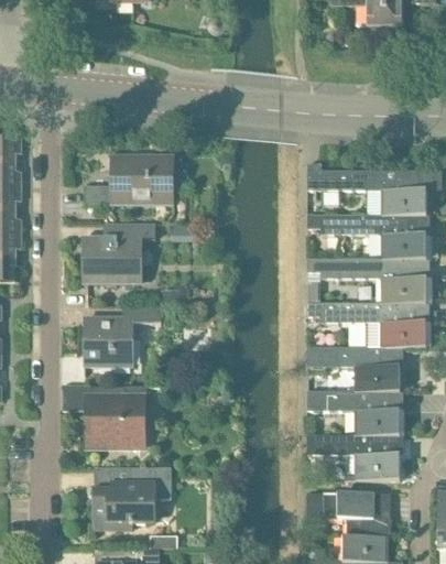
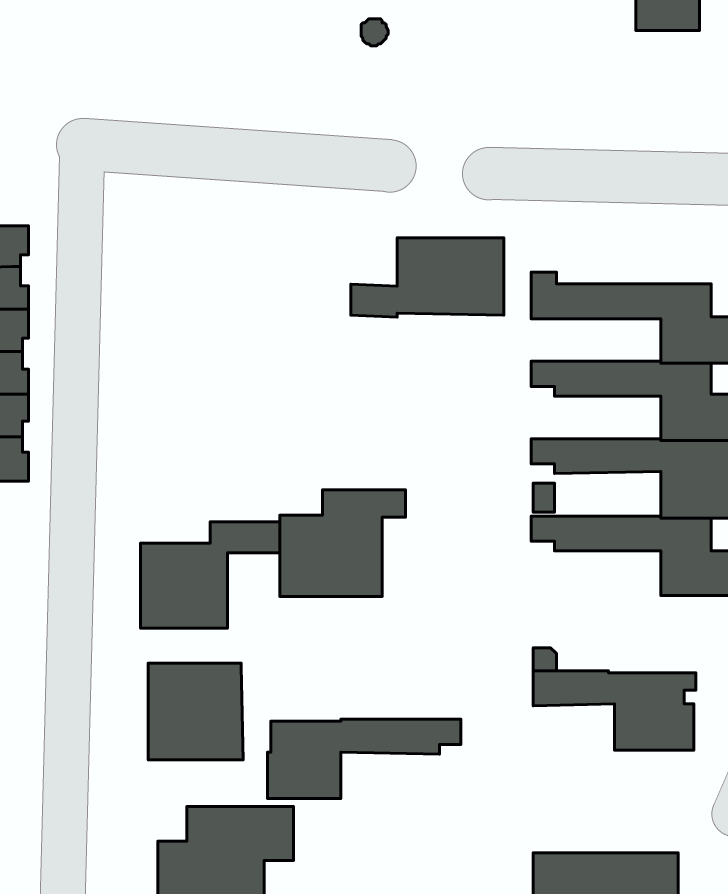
building: [84,158,171,203] -> [351,238,504,317]
building: [85,223,156,283] -> [280,490,406,596]
building: [308,346,401,391] -> none
building: none -> [267,719,461,799]
building: [308,434,400,479] -> none

